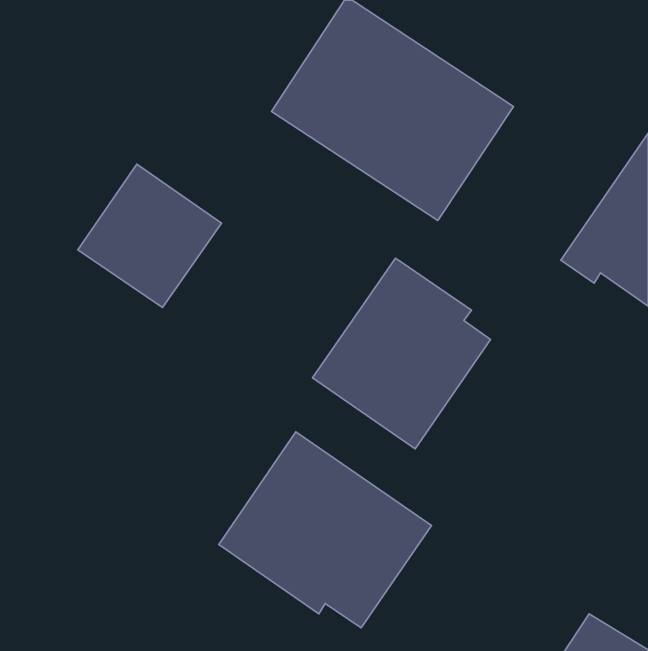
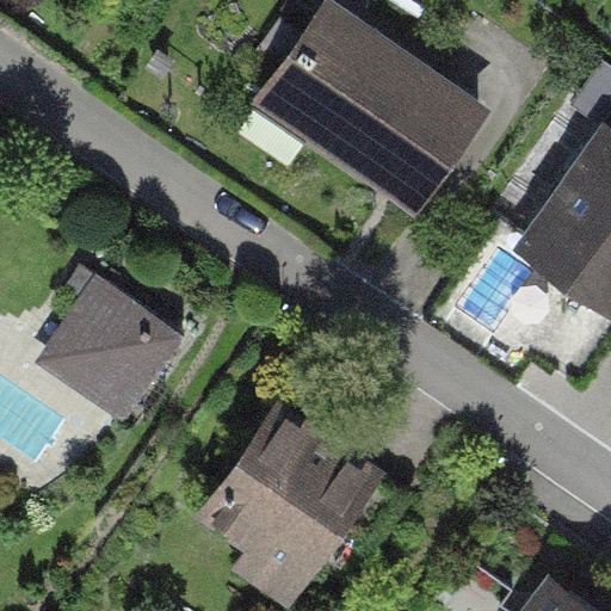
building: [78,164,221,308] -> [45,279,179,413]
building: [313,258,491,449] -> none

